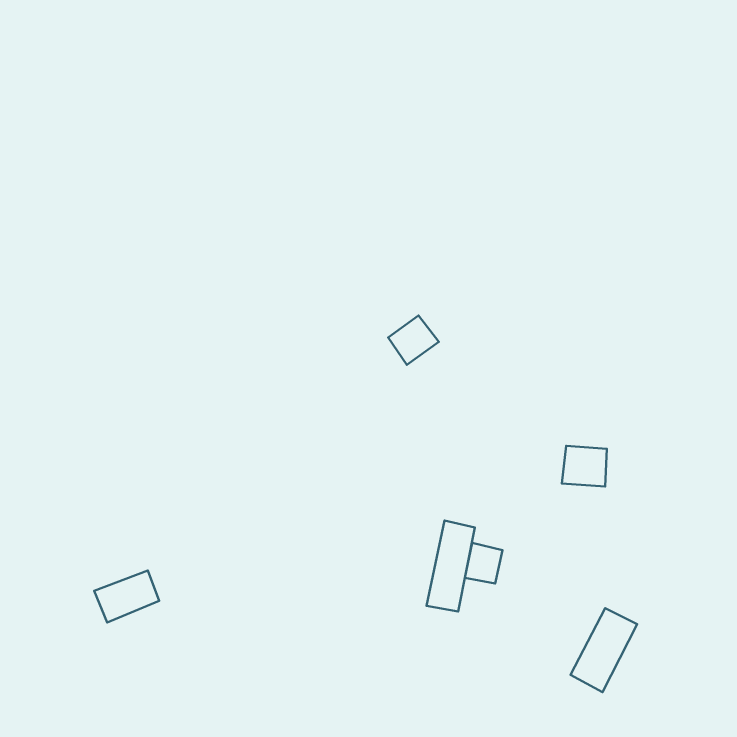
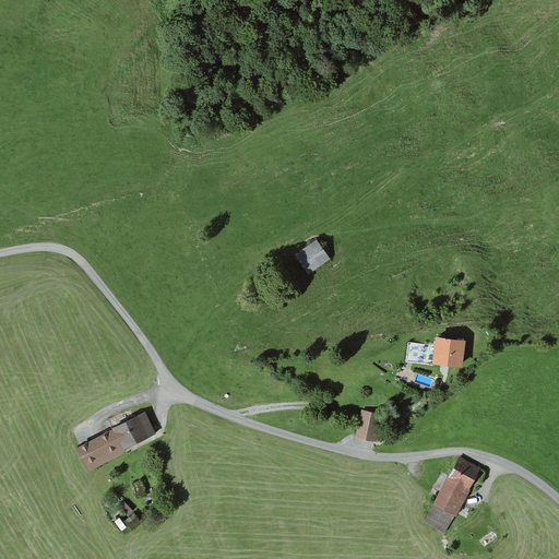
building: [427,521,475,611] -> none
building: none -> [111,409,156,449]

